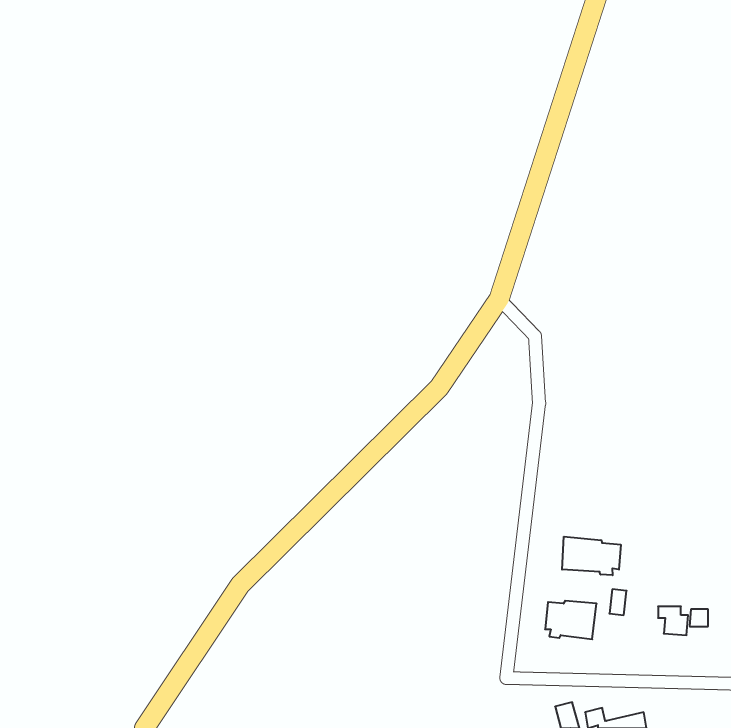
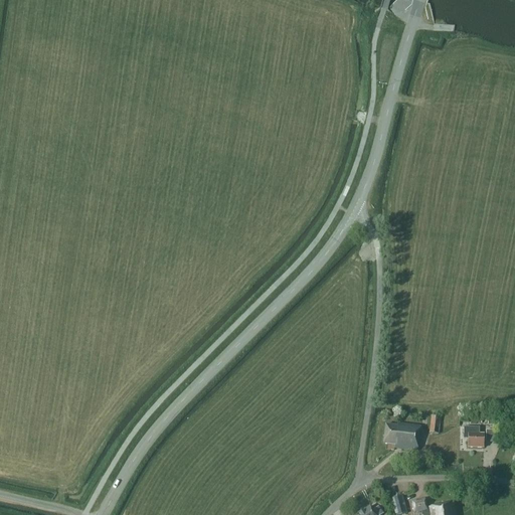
building: [562,537,621,575] -> none

